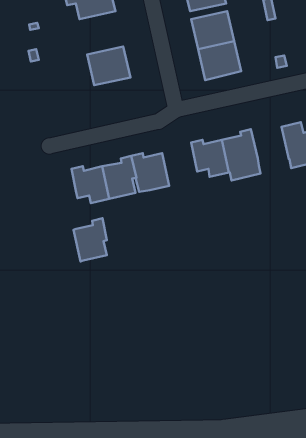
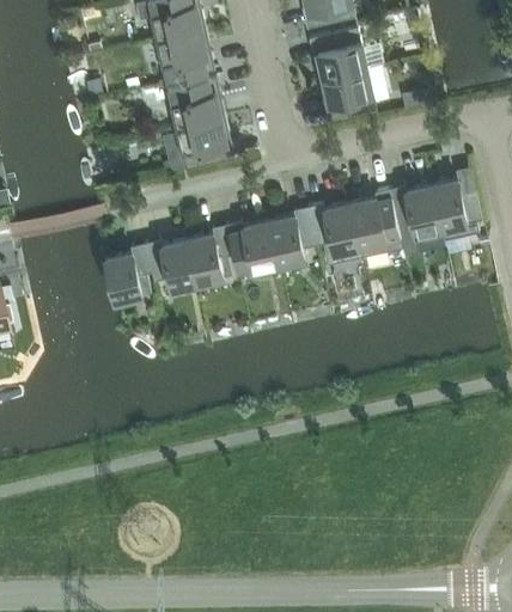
building: none -> [156,29,214,81]
building: none -> [176,118,233,171]
building: none -> [389,185,440,235]
building: none -> [268,207,316,265]
building: [74,218,107,261] -> [105,243,151,301]

